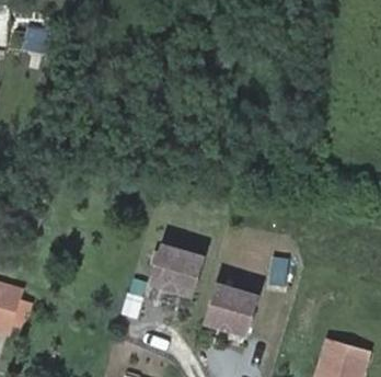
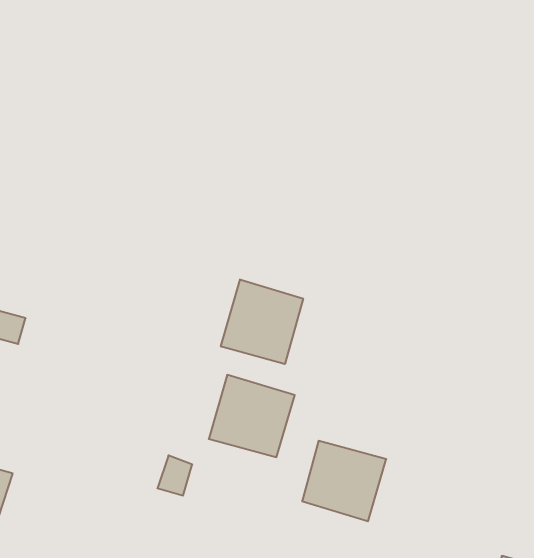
building: none -> [221,279,303,364]

